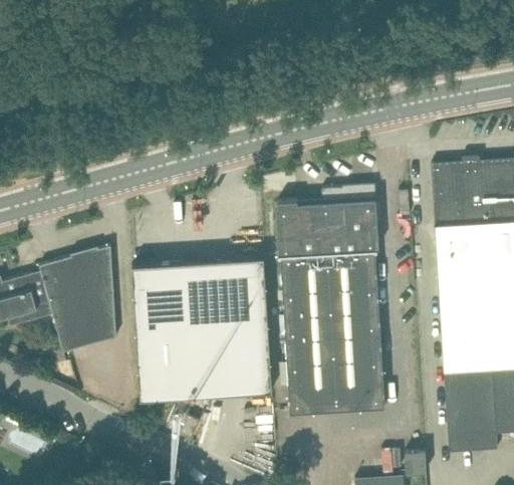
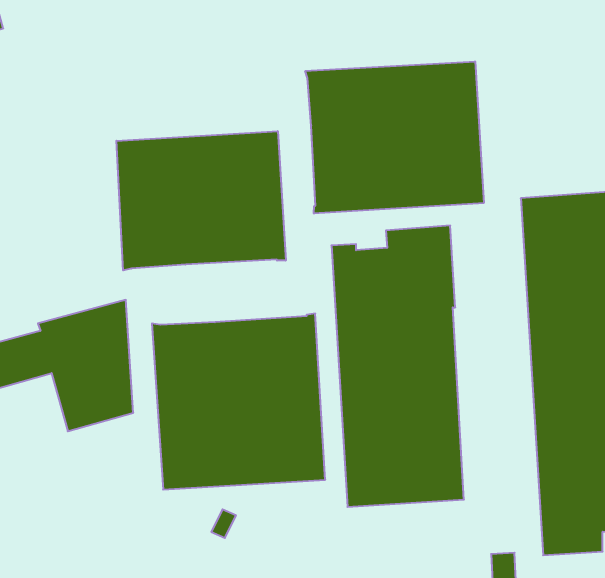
building: none -> [305,61,484,214]
building: none -> [116,131,286,270]

